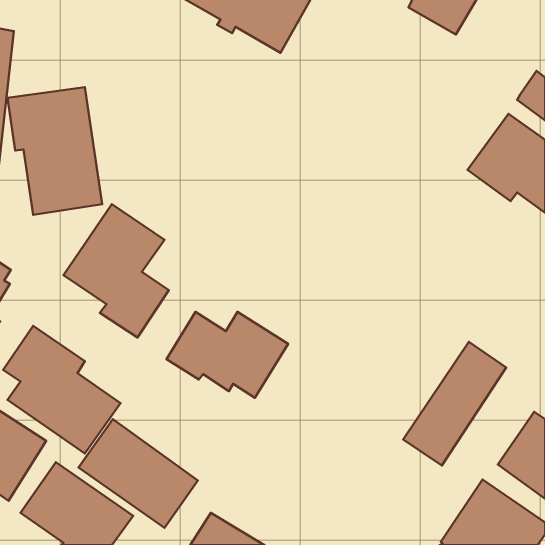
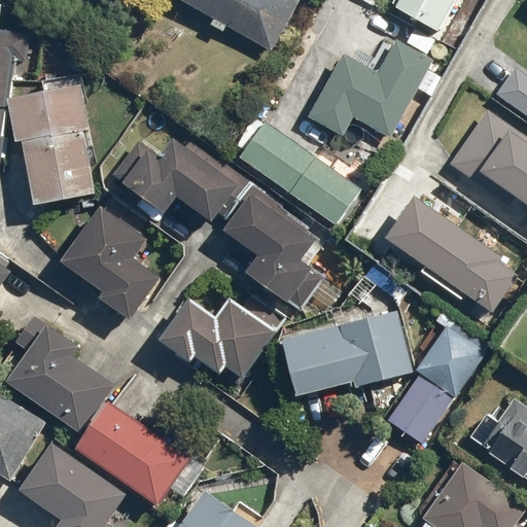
building: none -> [307,34,442,137]
building: none -> [233,114,360,225]
building: none -> [112,129,245,223]
building: none -> [222,185,315,305]
building: none -> [386,195,518,313]
building: none -> [281,310,412,398]

